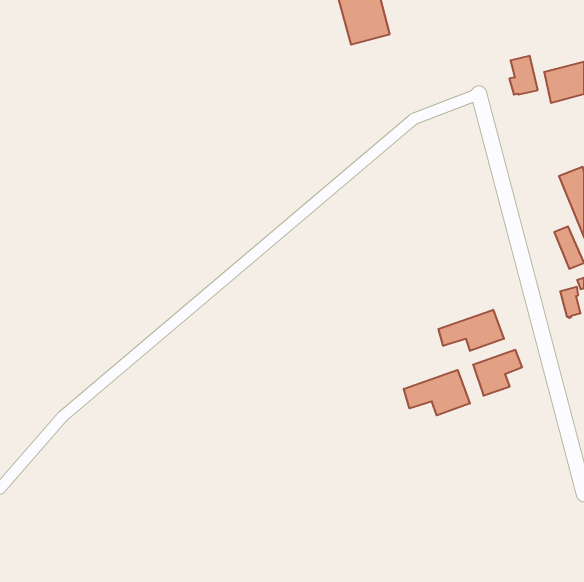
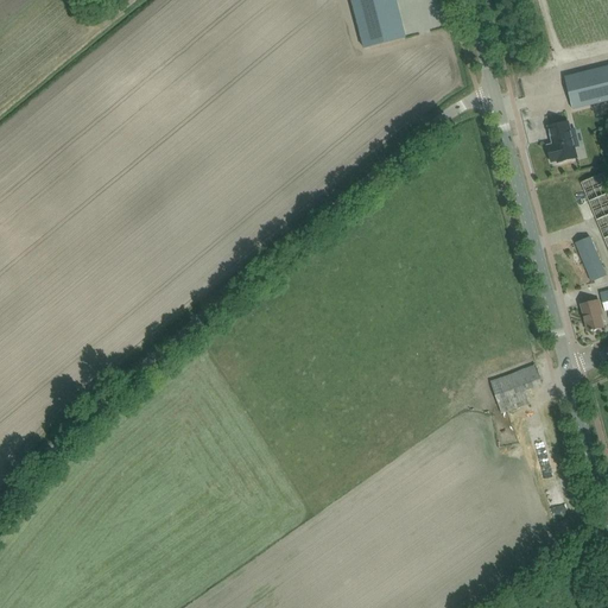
building: [509,56,538,95] -> [547,120,577,160]
building: [438,310,504,351] -> none
building: [404,370,470,415] -> none

